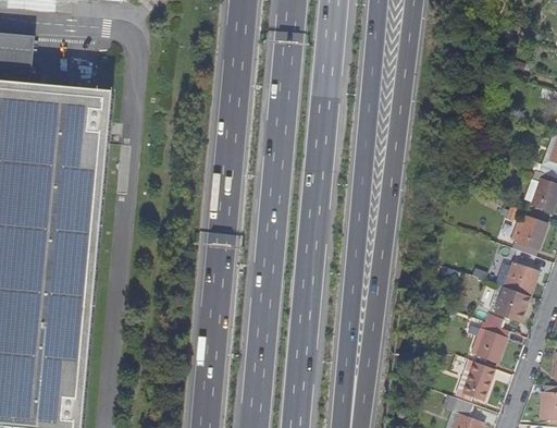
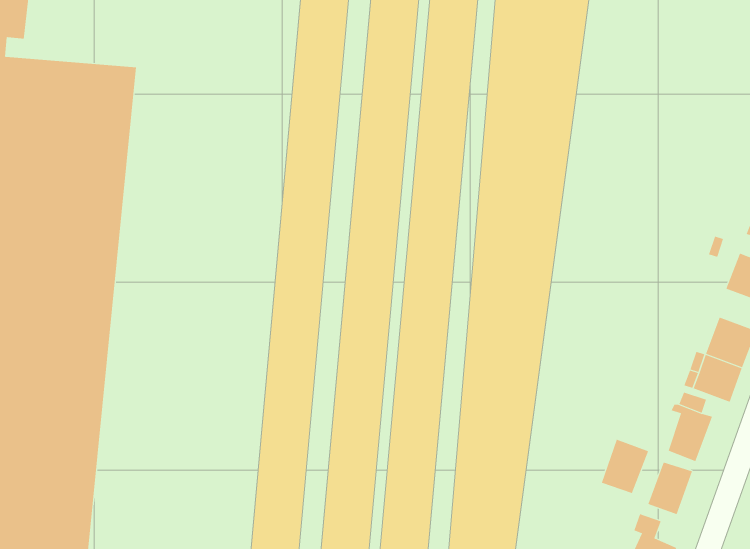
building: none -> [601,439,649,494]

